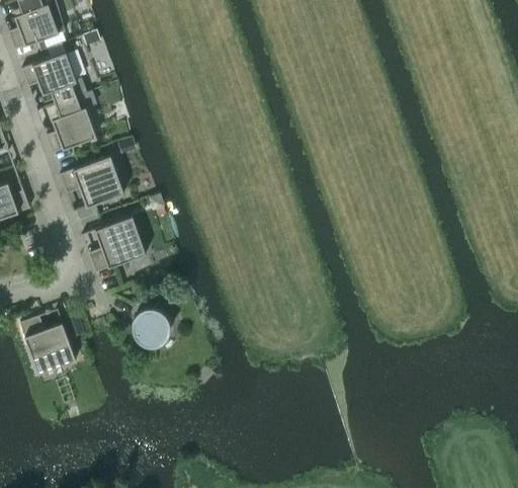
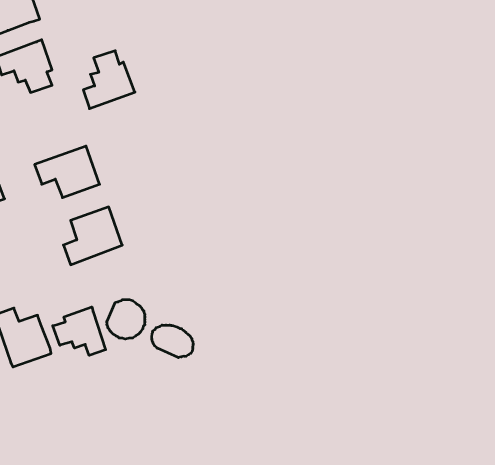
building: [46,96,96,153] -> [83,51,135,109]
building: none -> [53,307,106,355]
building: none -> [152,325,193,358]

